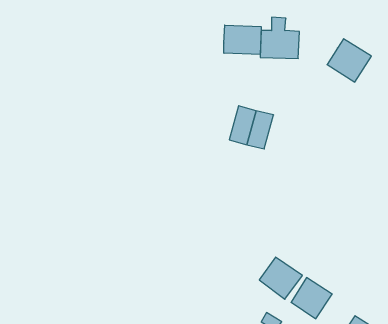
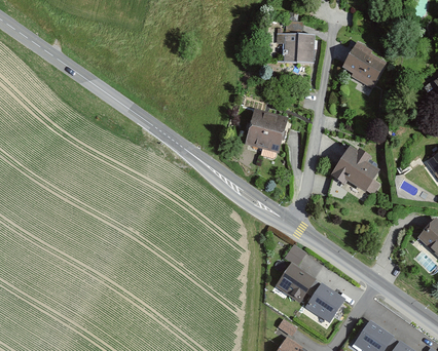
building: [224,25,261,55] -> none
building: none -> [331,145,379,192]

